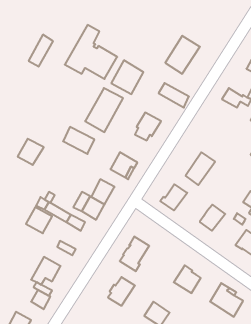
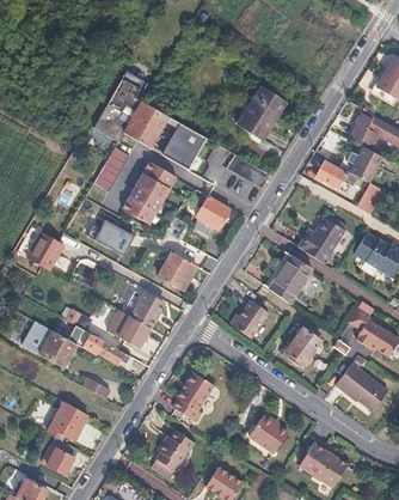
building: [29,35,53,67] -> [94,146,129,191]
building: none -> [300,217,348,264]
building: none -> [22,321,53,354]

